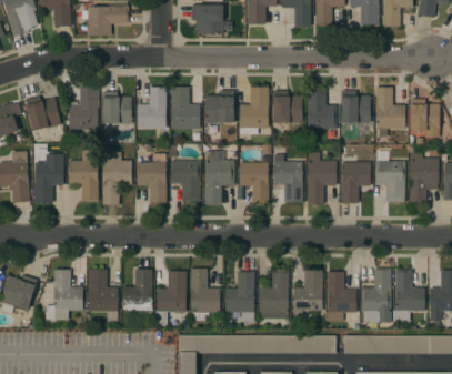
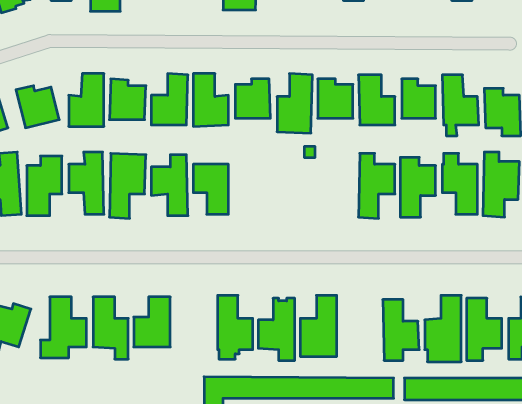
building: [273,154,302,202] -> none
building: [204,161,234,205] -> none
building: [239,163,269,204] -> none
building: [293,270,322,320] -> none
building: [154,271,187,325] -> none

